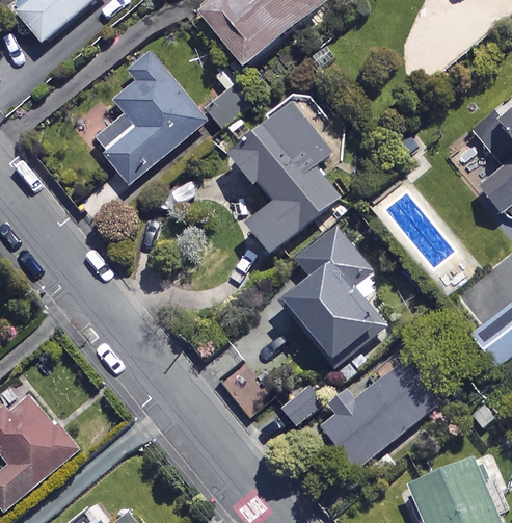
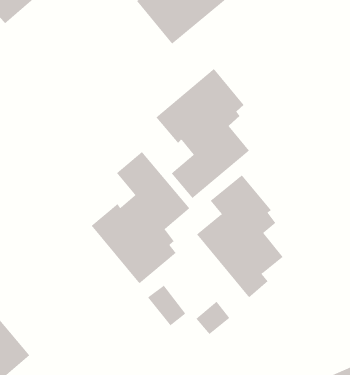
building: [92,52,207,183] -> none
building: none -> [91,151,190,284]
building: [324,361,438,466] -> none

